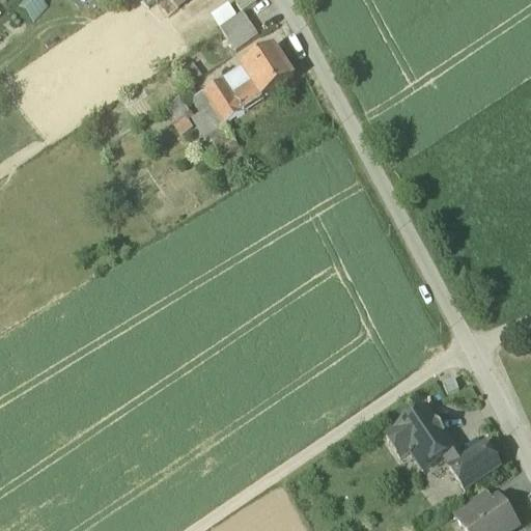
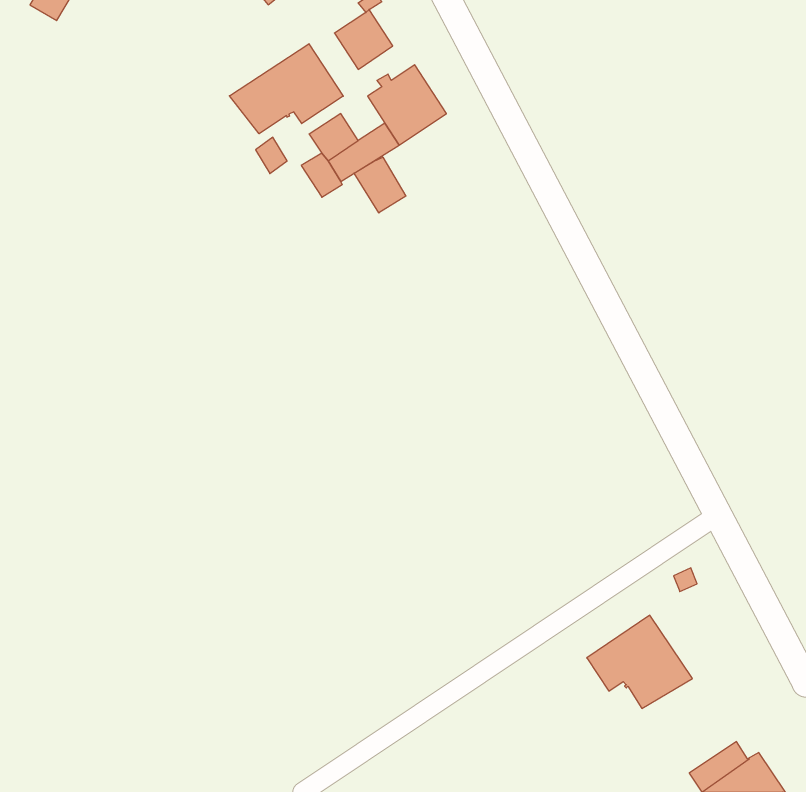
building: none -> [229,44,343,134]
building: none -> [354,157,406,213]
building: [449,440,499,486] -> none

